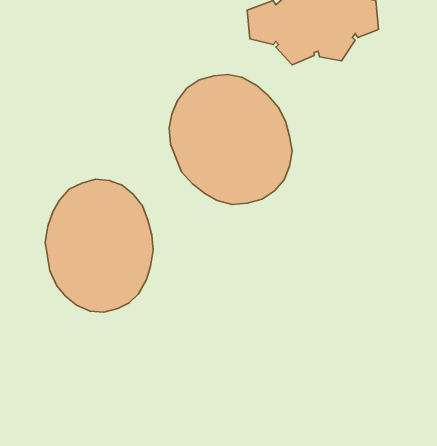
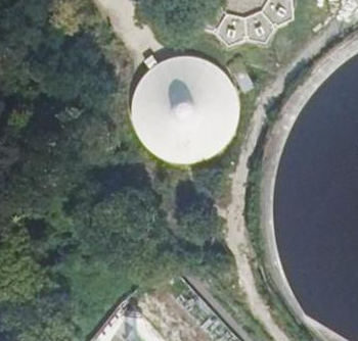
building: [45,179,153,312] -> none

